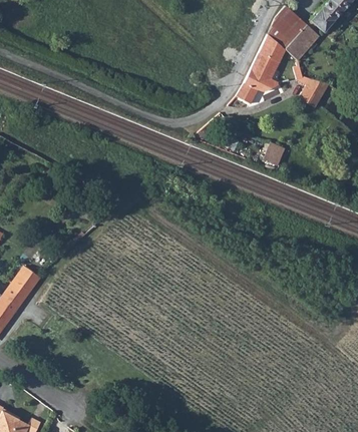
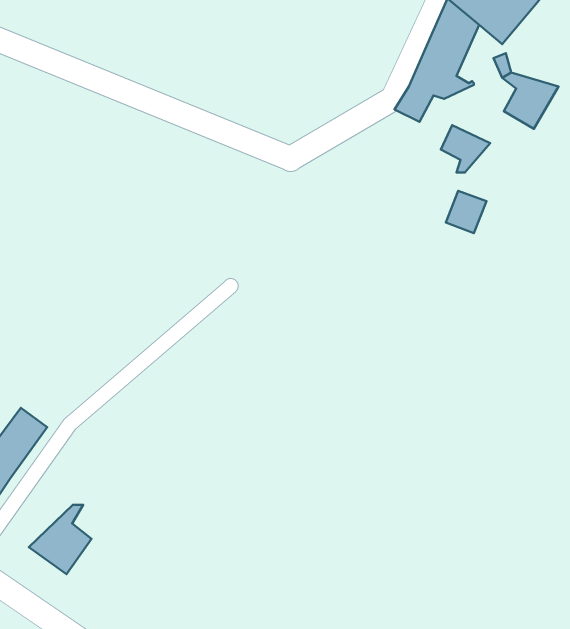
building: none -> [441,125,490,173]
building: none -> [29,505,92,574]

